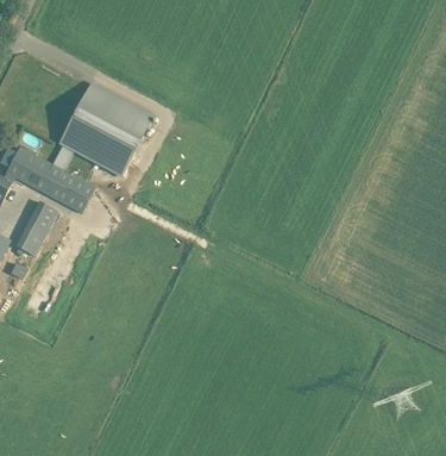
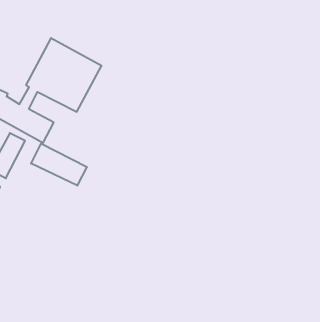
building: none -> [31,143,87,186]

